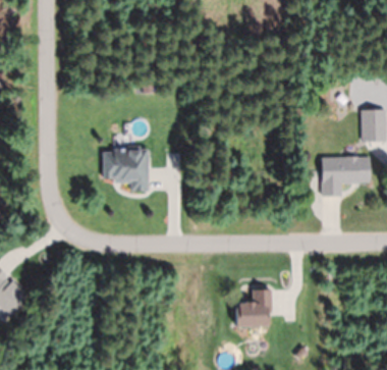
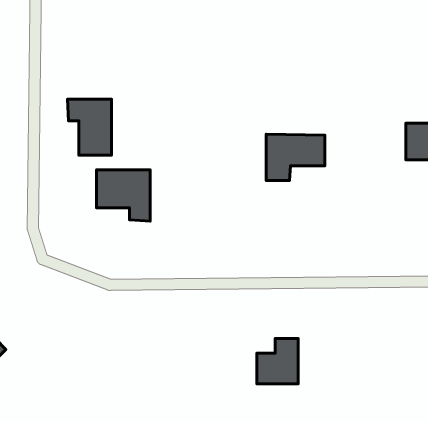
building: none -> [67,99,111,155]
building: [321,156,370,195] -> [266,134,325,181]

